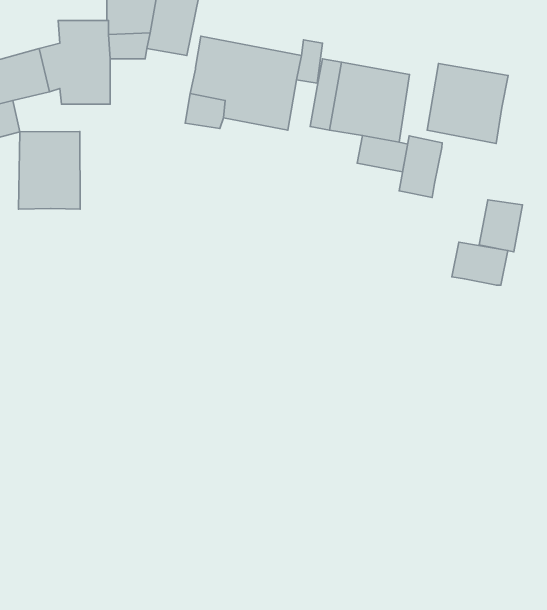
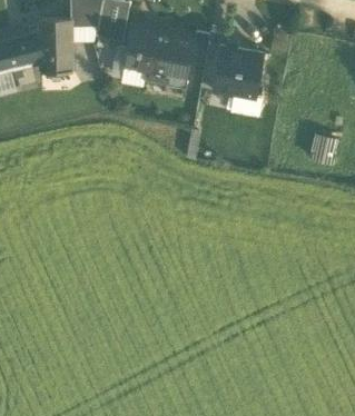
building: [427,64,508,144] -> none
building: [19,132,80,209] -> none
building: [399,136,442,198] -> none
building: [452,242,508,285] -> none

